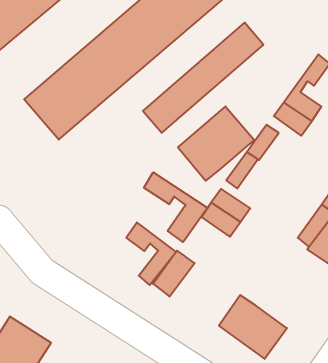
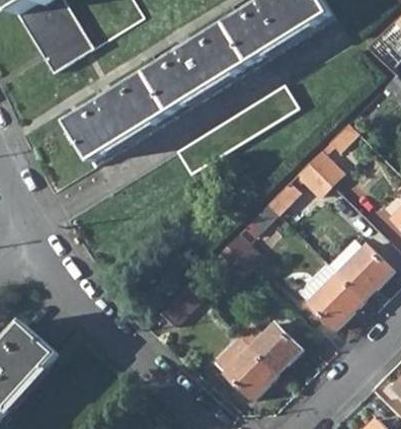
building: [178,106,254,181] -> none
building: [144,172,208,242] -> none
building: [126,222,176,285] -> none
building: none -> [239,323,302,373]

